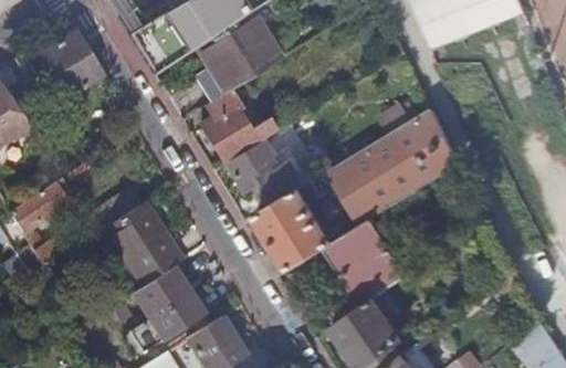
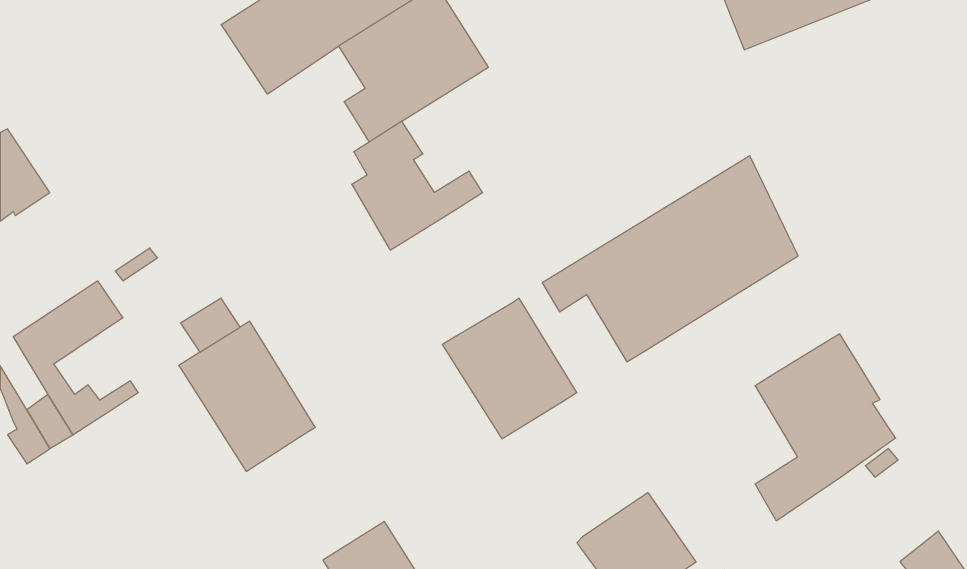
building: [39,33,102,98] -> none
building: [224,139,302,206] -> none
building: [323,220,403,327] -> [755,334,896,521]
building: [133,270,201,340] -> none

